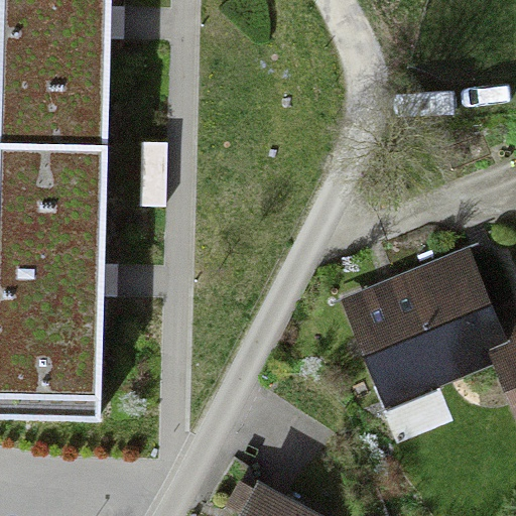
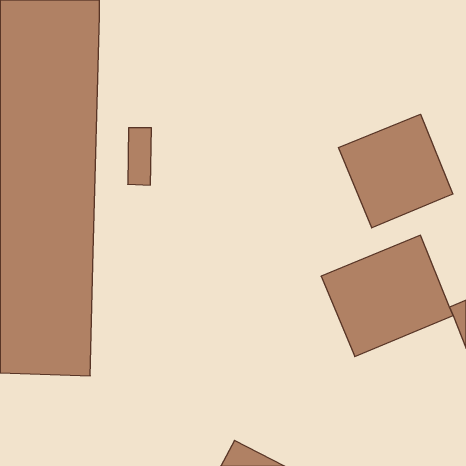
building: none -> [339,114,453,228]

